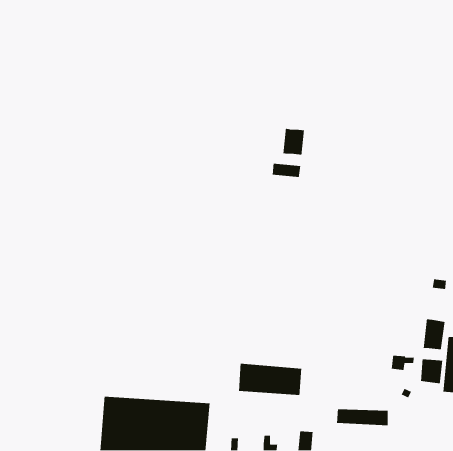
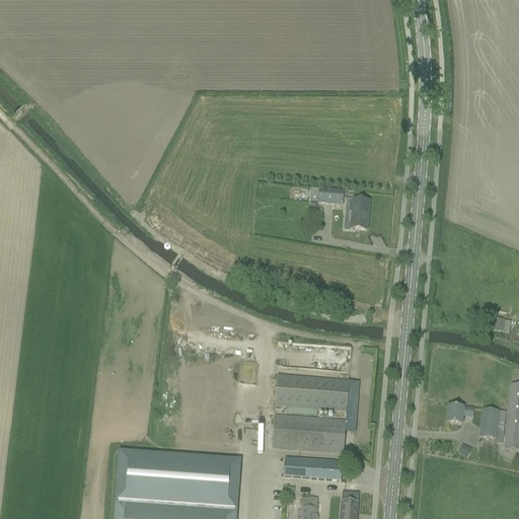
building: [283,128,305,155] -> [345,197,370,228]
building: [423,319,446,350] -> none
building: none -> [276,374,349,410]
building: [336,408,389,426] -> [280,457,340,477]

